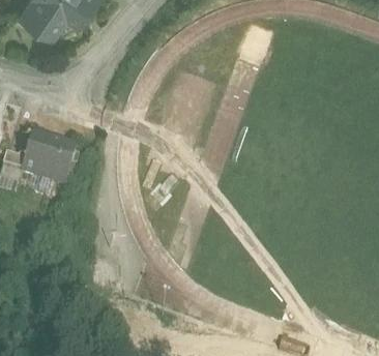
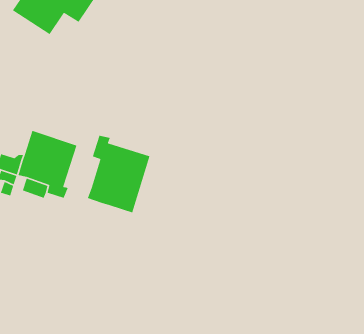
building: none -> [87,135,150,214]

